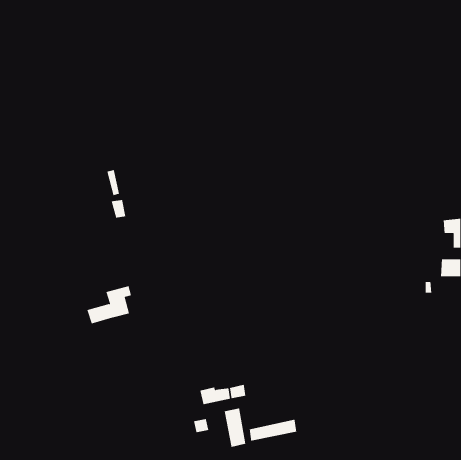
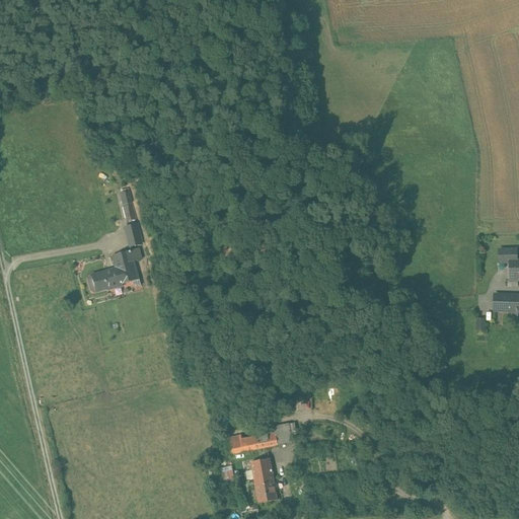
building: [87,286,132,324] -> [90,247,141,291]
building: [249,419,297,441] -> none

